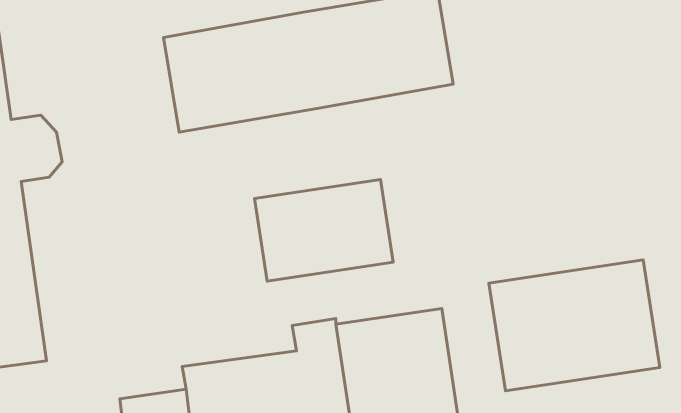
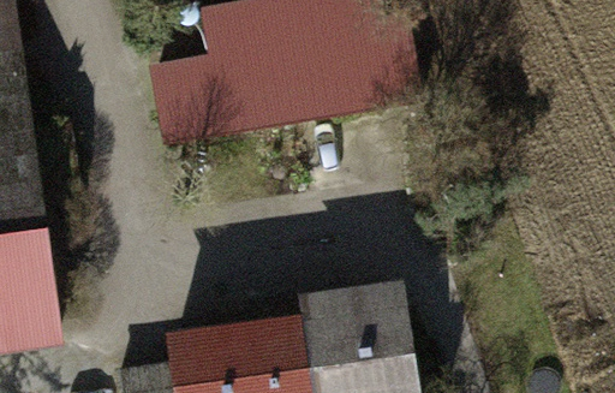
building: [254,179,393,281] -> none
building: [489,260,660,391] -> none

